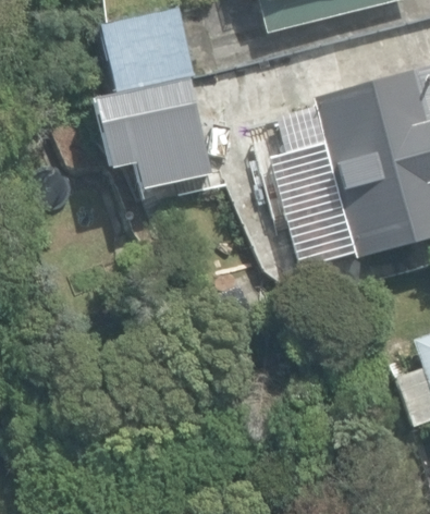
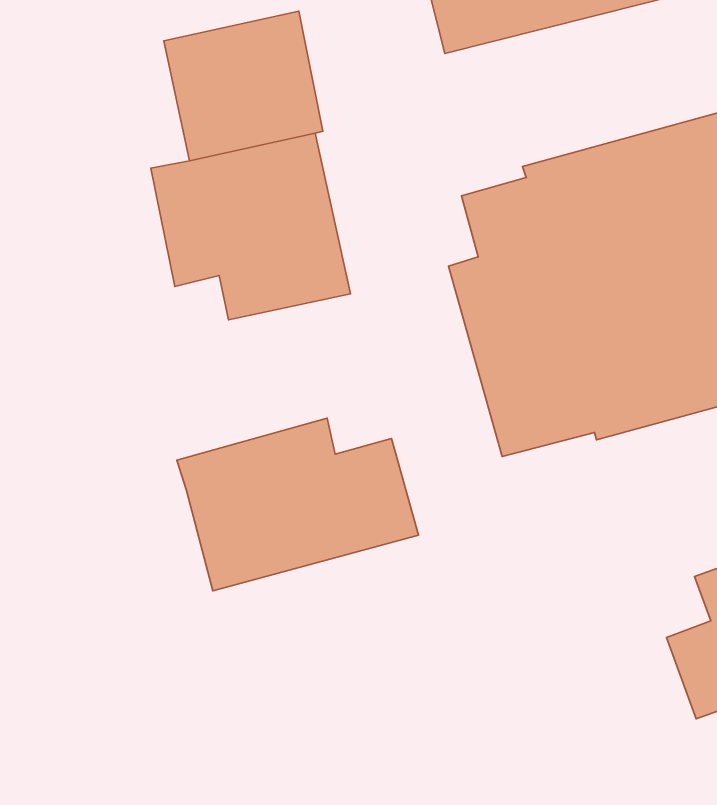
building: none -> [177,418,418,591]

